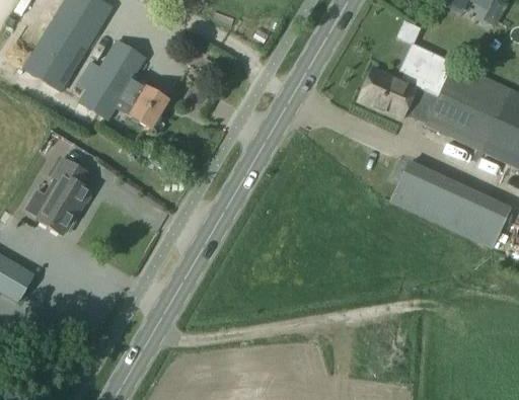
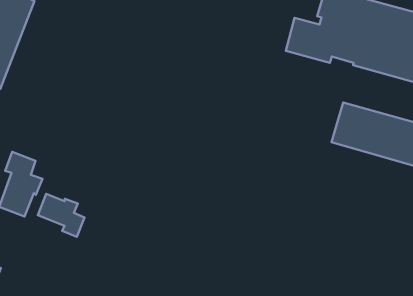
building: [79,41,168,128] -> none
building: none -> [38,194,84,237]

